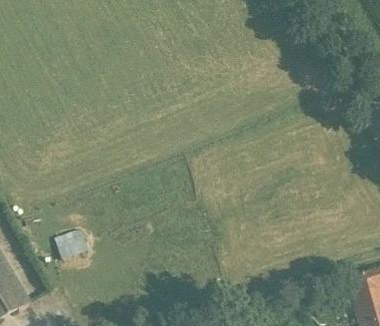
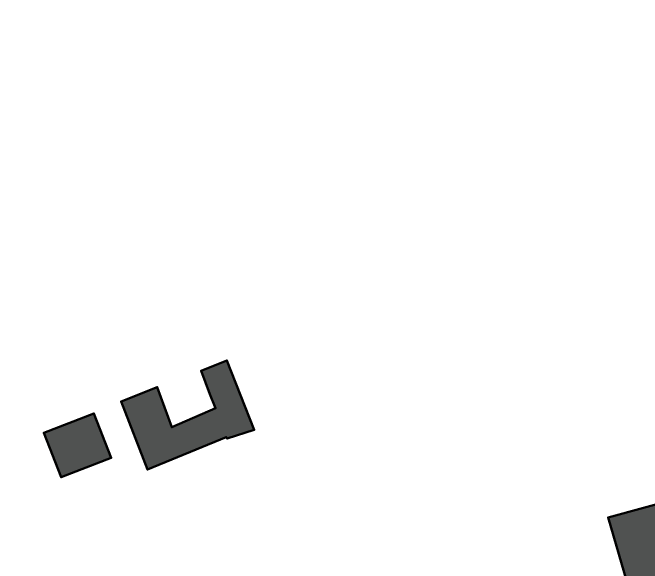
building: none -> [121,360,254,469]

